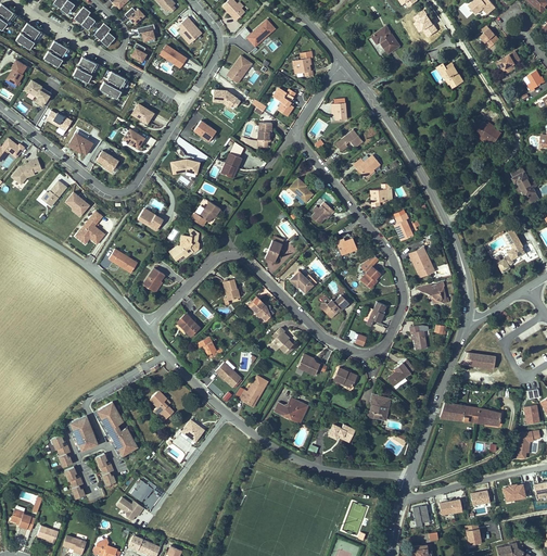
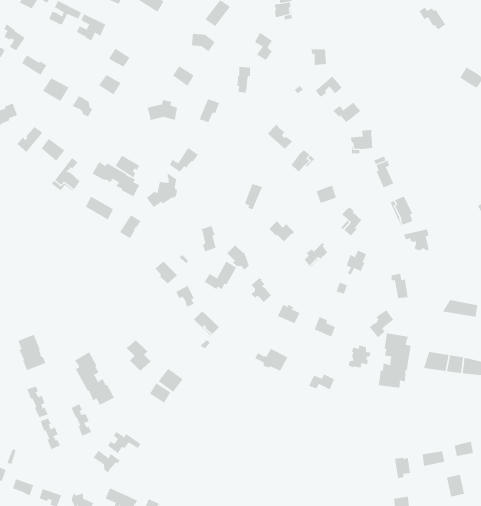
building: none -> [92,161,140,197]
building: [234,376,267,404] -> [204,261,237,290]
building: none -> [378,332,411,389]
building: [69,416,98,452] -> [18,334,46,371]

